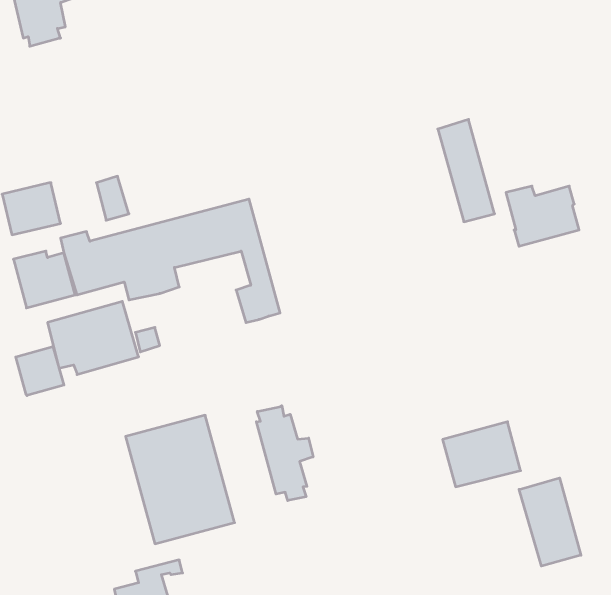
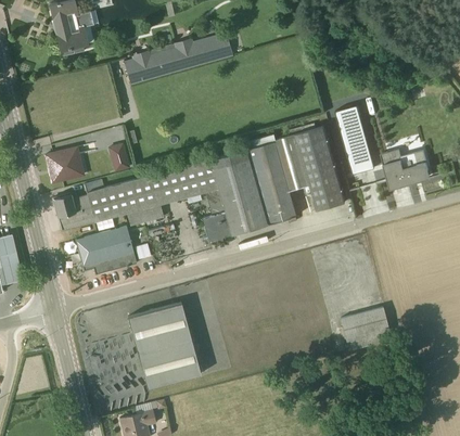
building: none -> [122,33,232,85]
building: none -> [210,126,346,234]
building: [16,346,64,396] -> none
building: [256,406,313,501] -> none
building: [519,478,581,566] -> none

